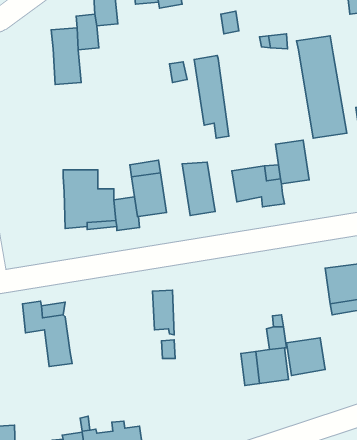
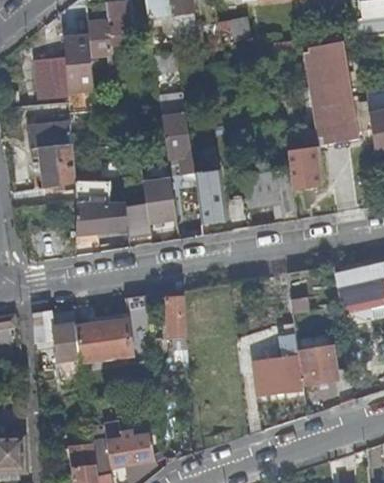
building: none -> [33,55,67,98]
building: [194,56,229,138] -> [159,90,194,173]
building: none -> [27,120,74,187]
building: none -> [76,318,133,361]

